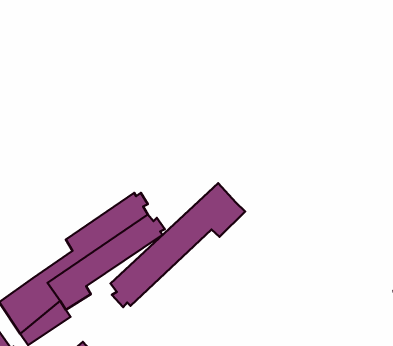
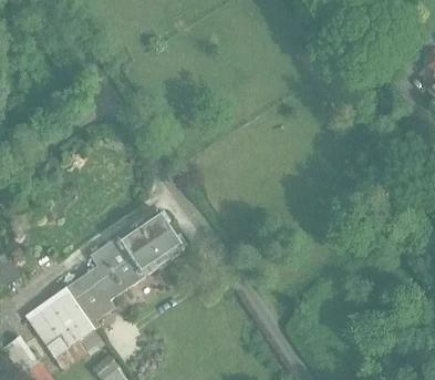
building: [110,183,245,307] -> none

